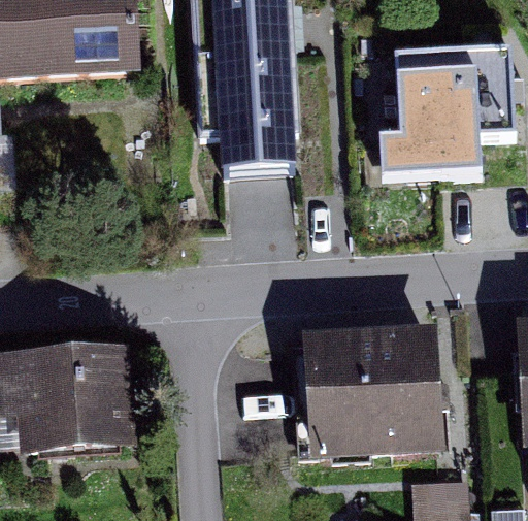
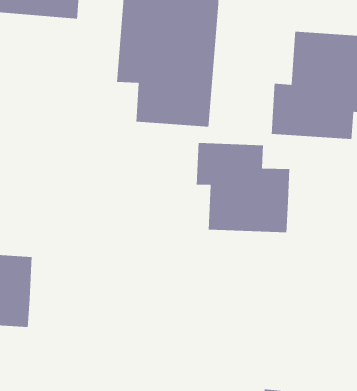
building: none -> [196,142,290,233]
building: [303,333,430,459] -> none

